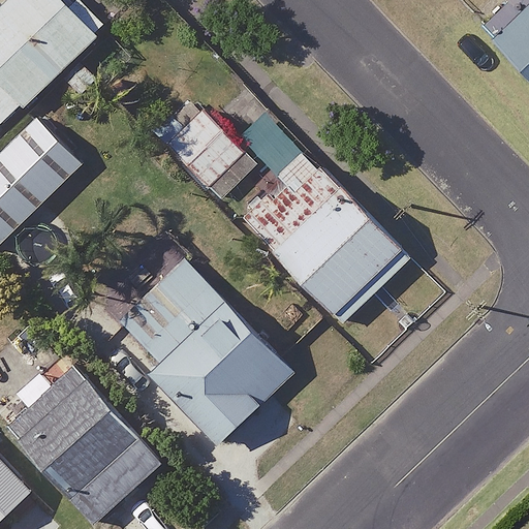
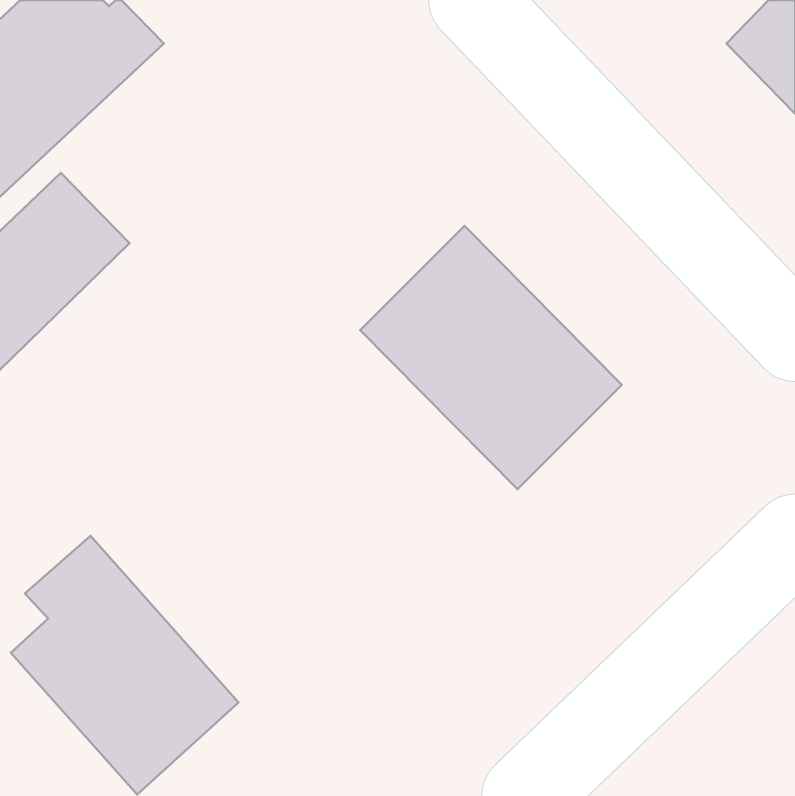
building: [155,97,245,189] -> none
building: [122,260,291,443] -> none

